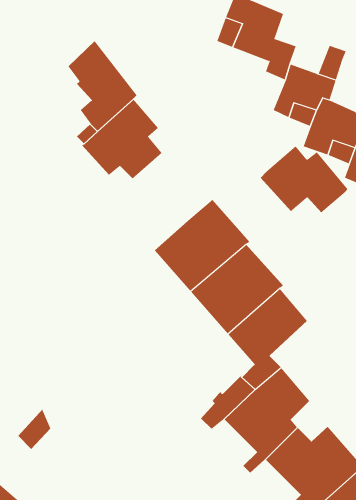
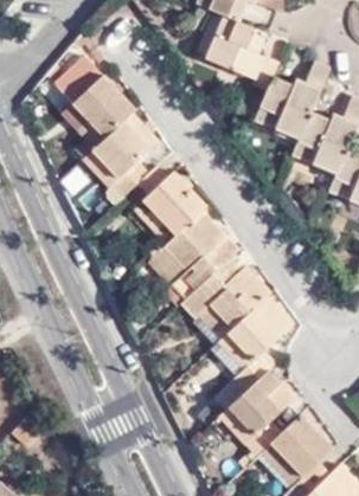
building: [260,145,349,213] -> [121,163,205,227]

